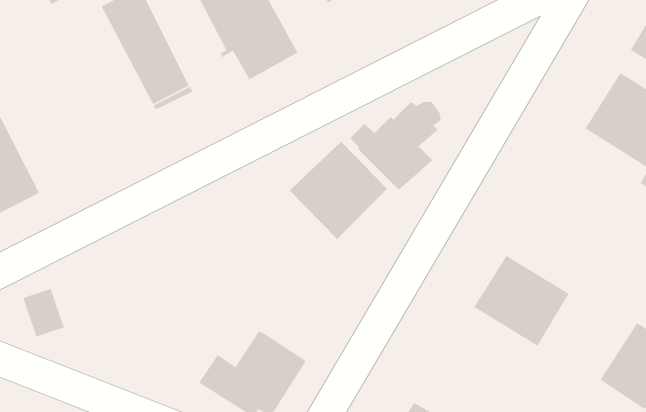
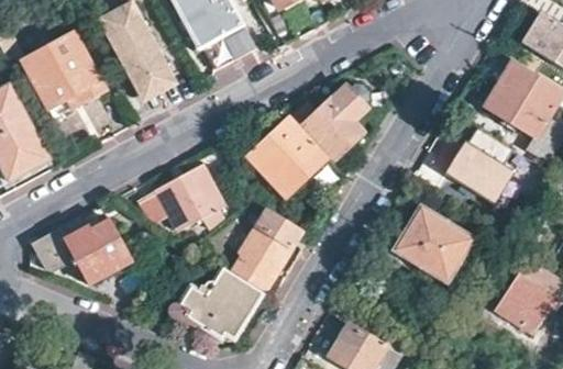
building: none -> [22,33,108,122]
building: none -> [448,128,521,209]
building: none -> [137,163,225,231]
building: none -> [230,210,302,292]
building: none -> [65,214,132,282]

